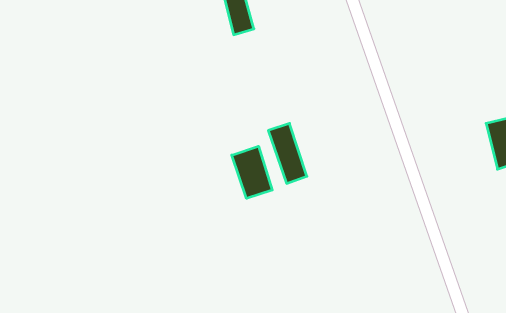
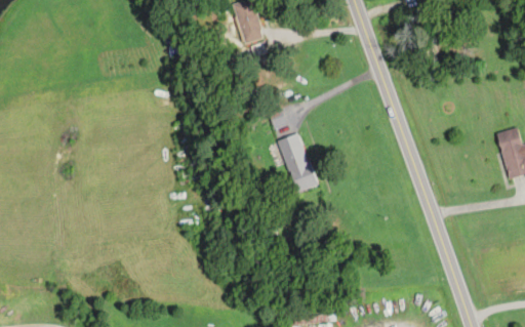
building: [232,146,272,198] -> none

